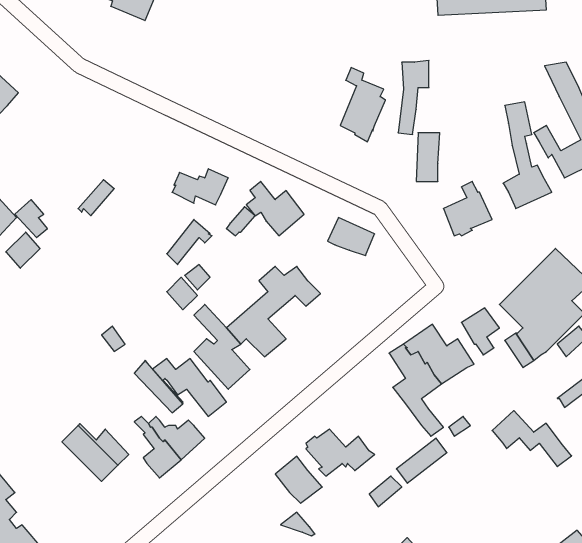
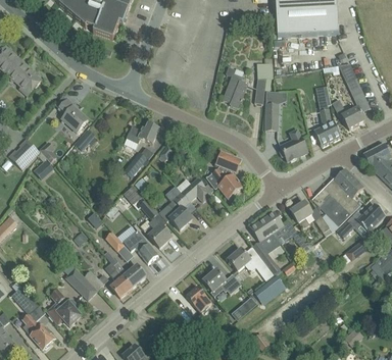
building: none -> [58,99,87,132]
building: [246,181,304,236] -> [209,168,242,199]
building: [492,411,572,467] -> [228,249,273,280]
building: none -> [45,290,80,326]

